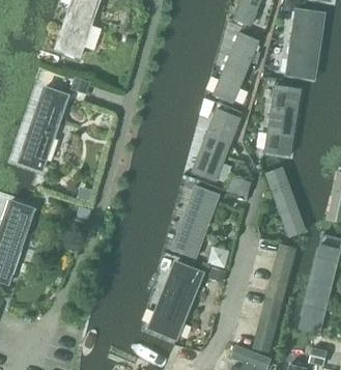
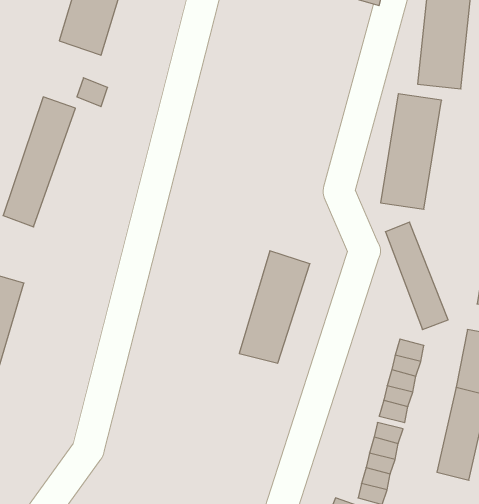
building: [215,33,259,107] -> none
building: [195,110,238,182] -> none
building: [141,262,203,345] -> none

